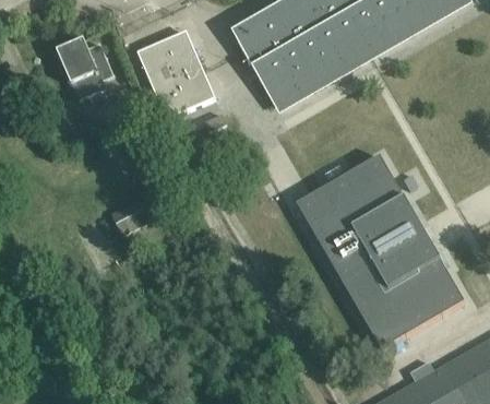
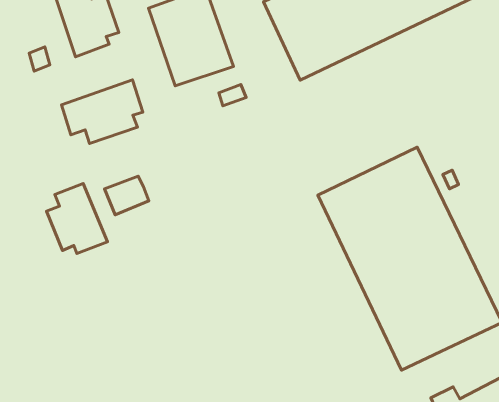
building: none -> [61,80,143,144]
building: none -> [47,184,107,254]

